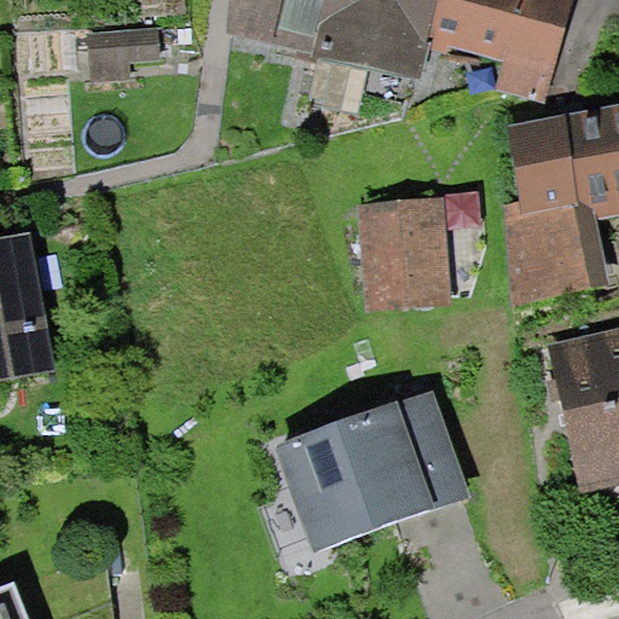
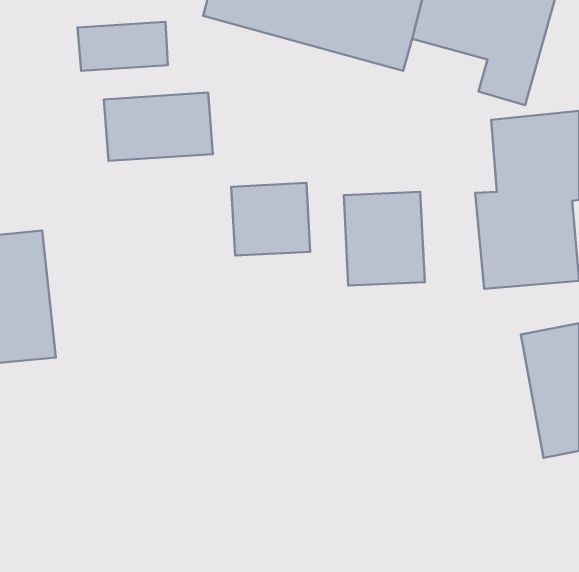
building: none -> [104,93,213,161]
building: none -> [231,183,310,256]
building: [260,391,452,546] -> none

